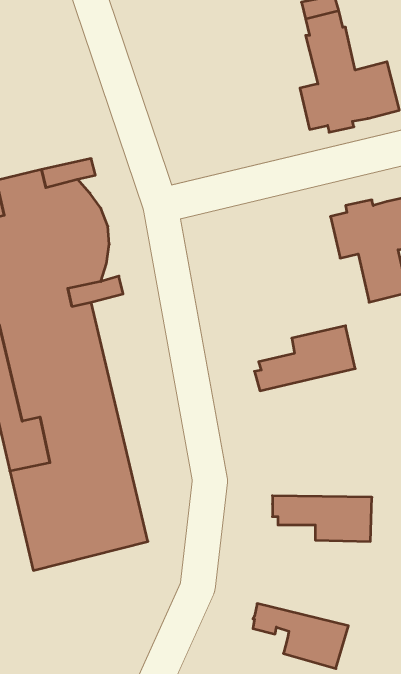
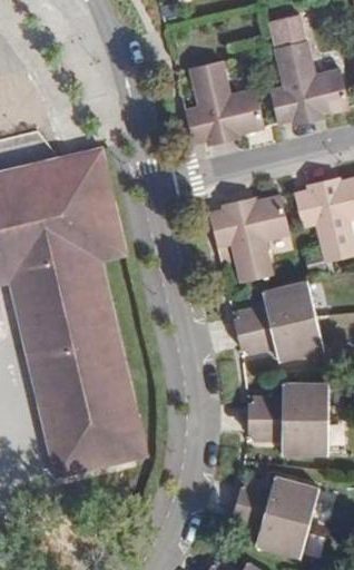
building: none -> [184,61,264,146]
building: none -> [208,196,288,283]
building: none -> [237,316,323,361]
building: none -> [247,383,327,420]
building: none -> [235,476,317,523]

